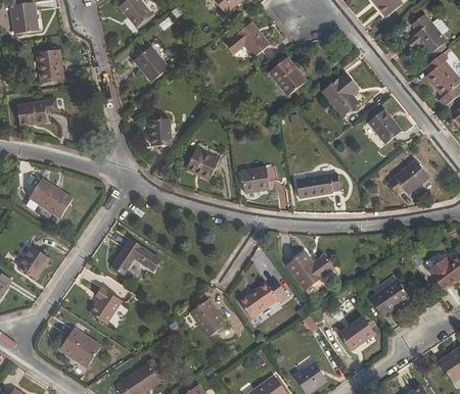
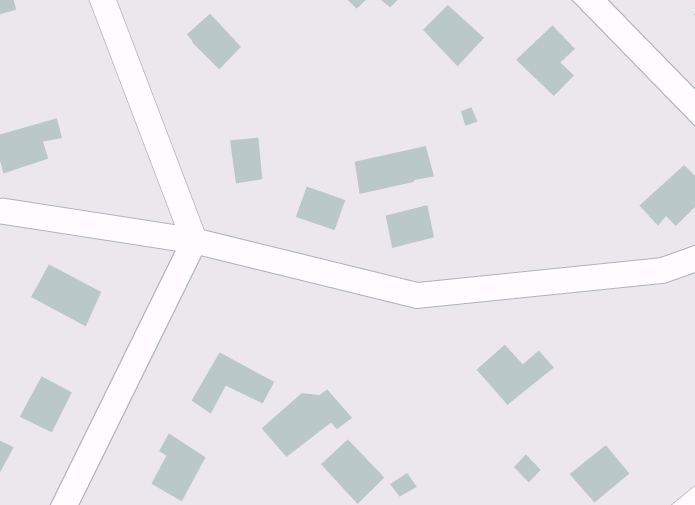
building: [37,51,63,81] -> none
building: [369,109,400,141] -> none
building: [293,173,339,197] -> [354,146,435,194]
building: [231,280,285,317] -> [260,388,353,458]
building: [366,281,403,315] -> none

